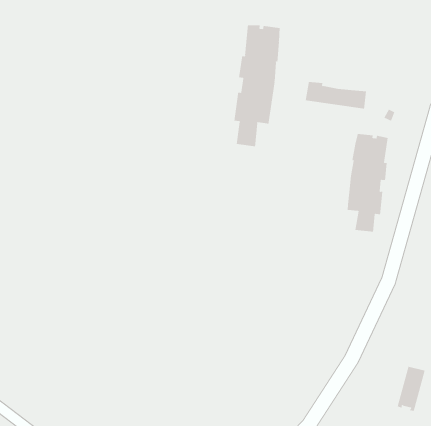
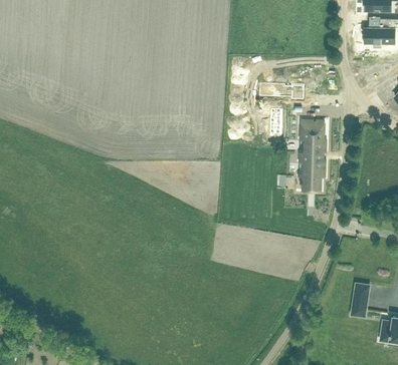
building: [234,25,280,147] -> none

